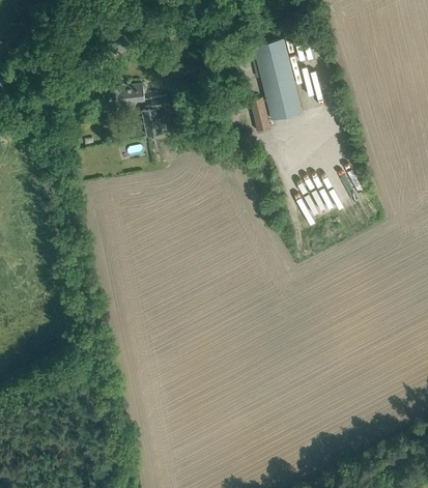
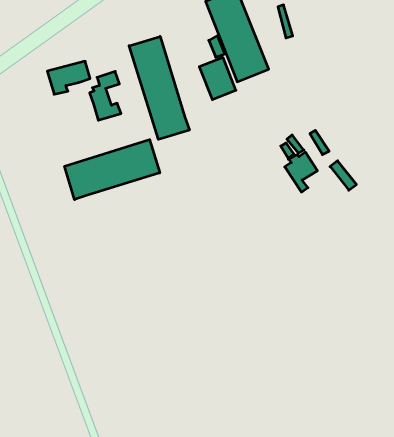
building: none -> [129,36,189,139]
building: none -> [65,140,160,200]

